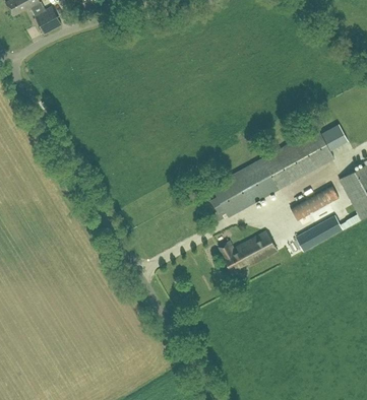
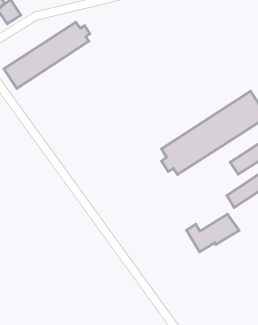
building: none -> [4,22,90,89]
building: [219,231,279,272] -> [186,214,239,252]

